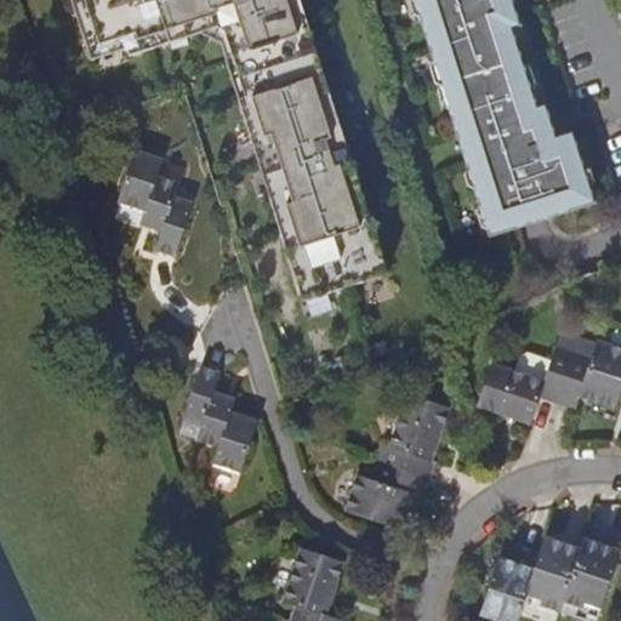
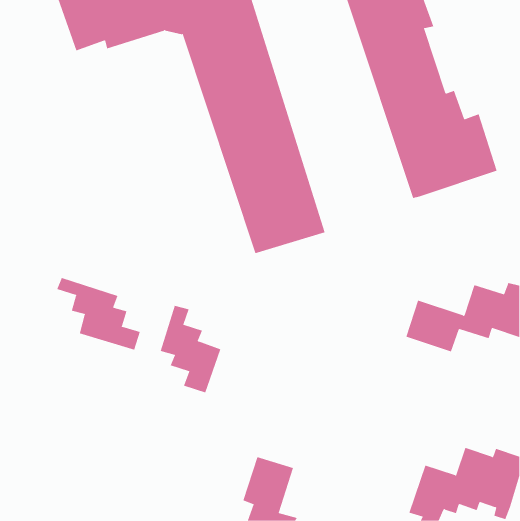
building: [115,147,189,253] -> none
building: none -> [56,277,141,350]
building: [349,387,454,523] -> none

